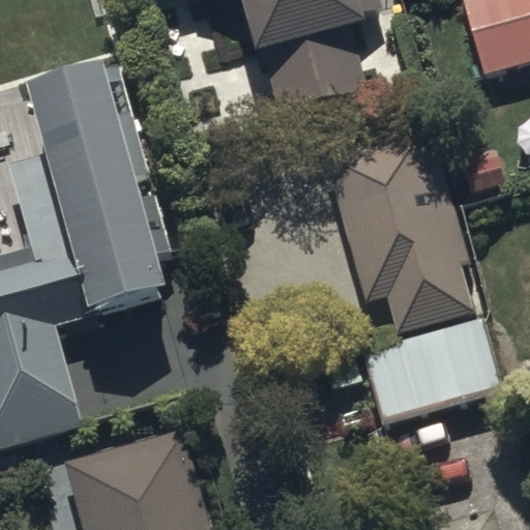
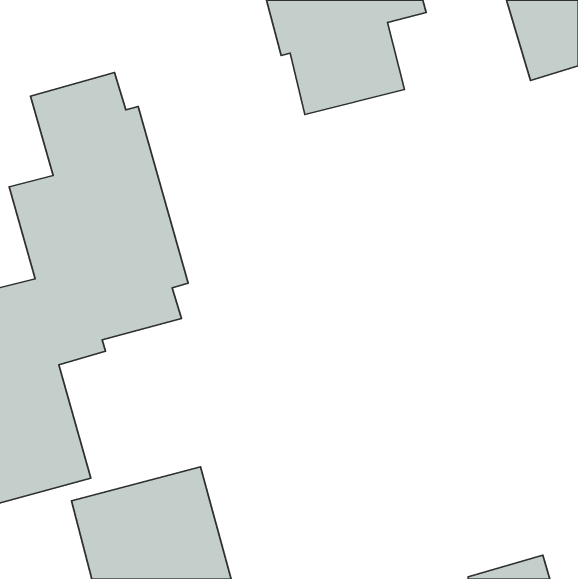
building: [326,128,475,330] -> none
building: [364,316,503,423] -> none

